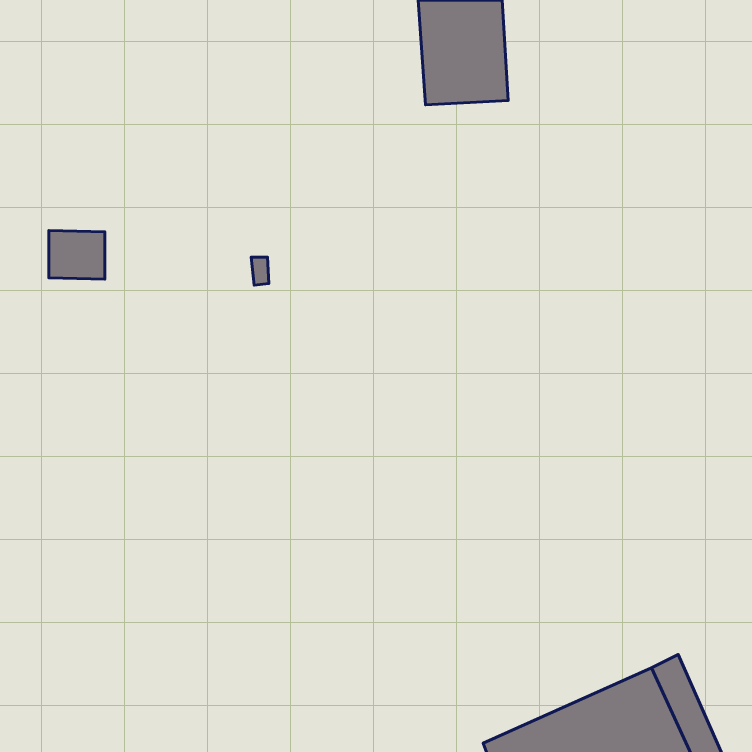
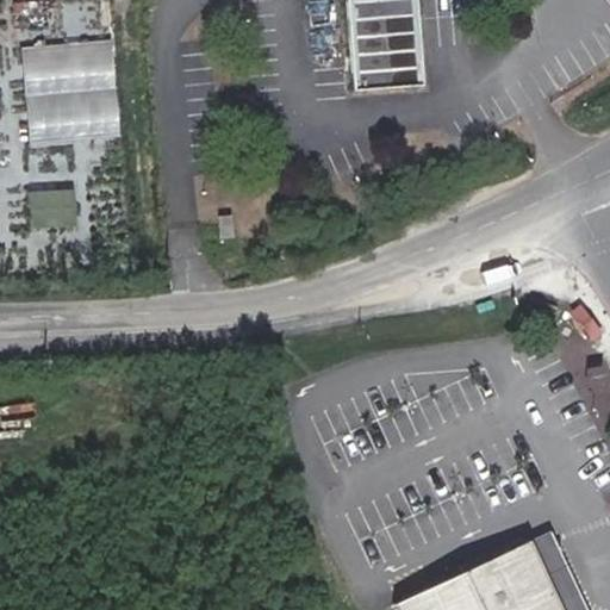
building: none -> [37,43,127,141]

